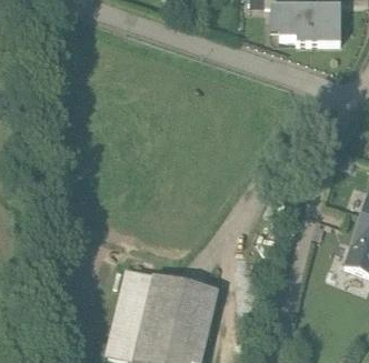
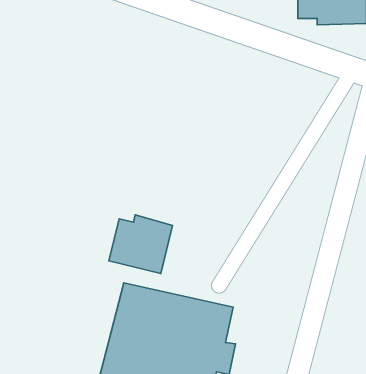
building: none -> [109,215,172,273]

